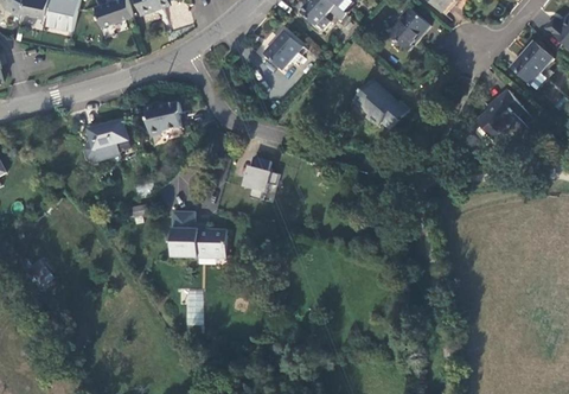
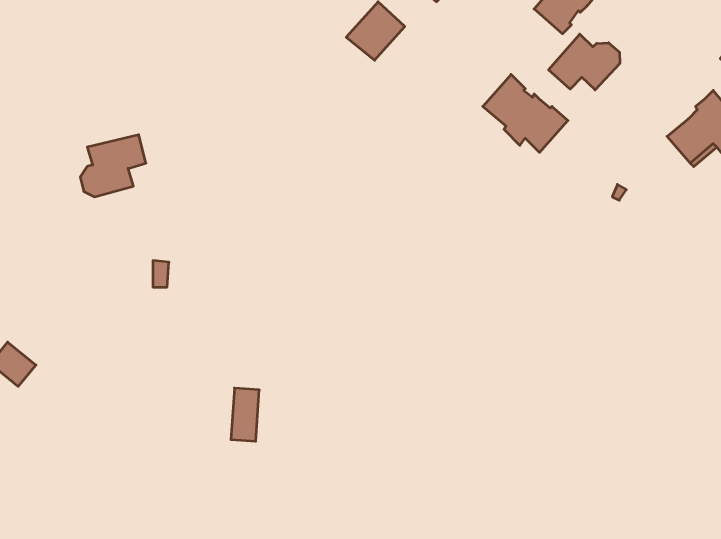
building: none -> [549,34,620,90]
building: [145,102,181,135] -> none
building: [243,155,279,199] -> none
building: [172,211,226,258] -> none

